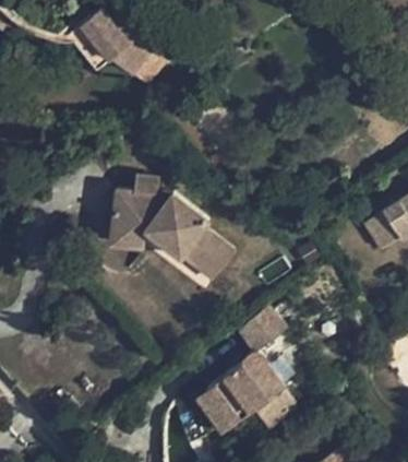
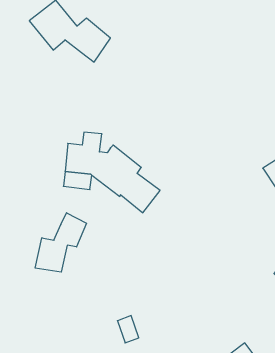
building: none -> [35,213,87,272]
building: [194,307,298,434] -> none

